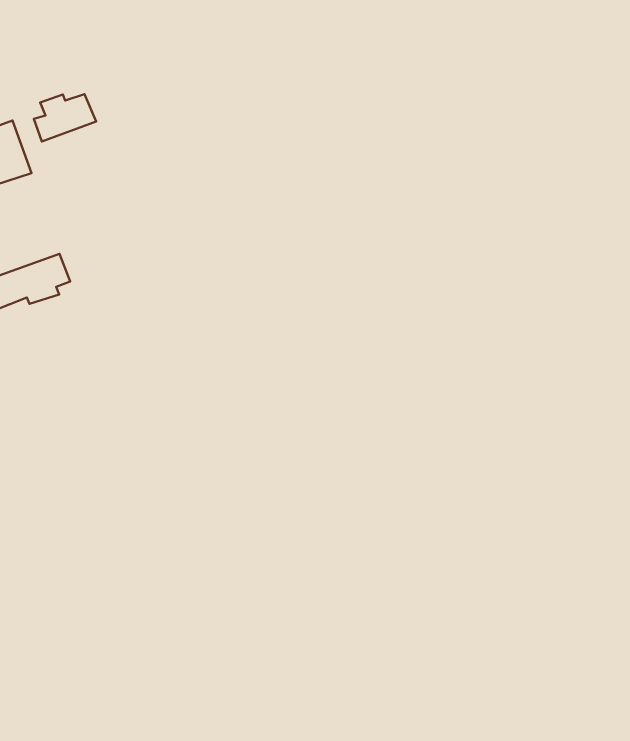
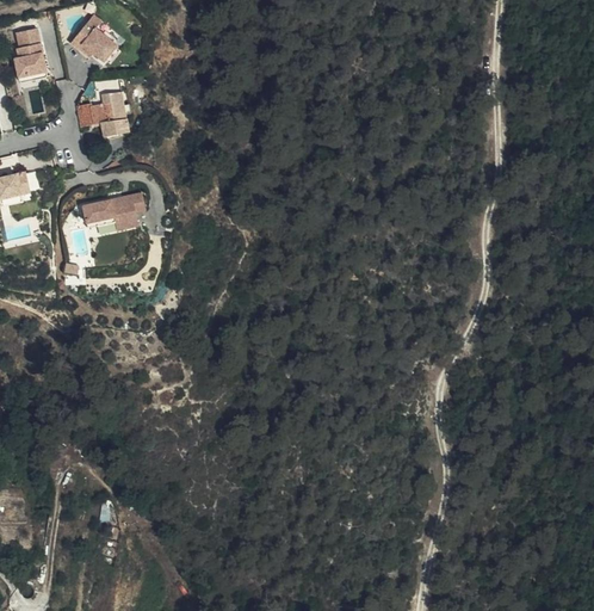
building: [34,94,96,141] -> none

